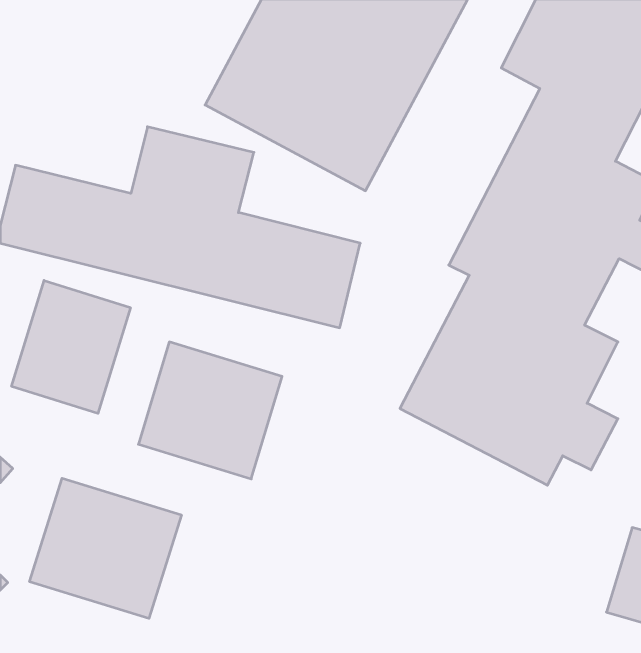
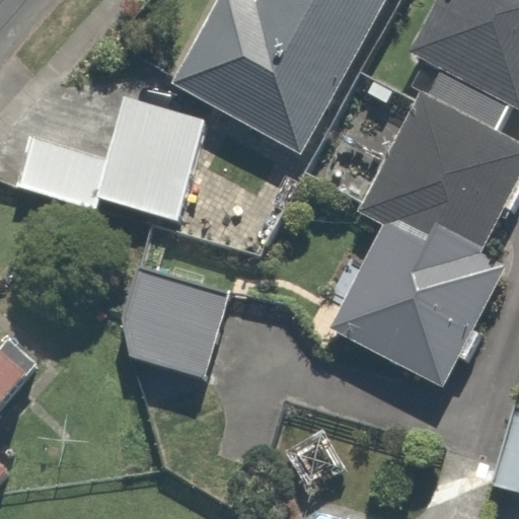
building: [12,280,130,413] -> none
building: [30,478,181,618] -> none

